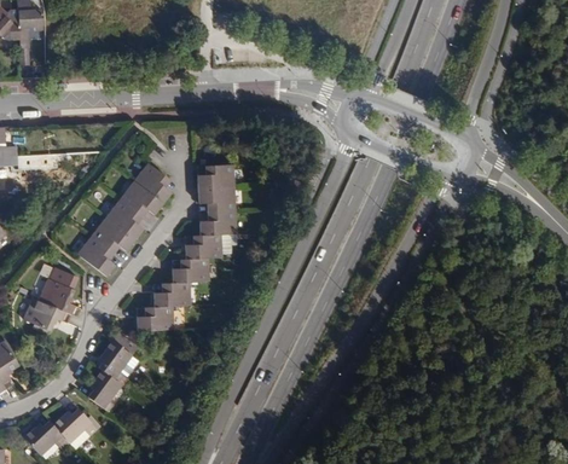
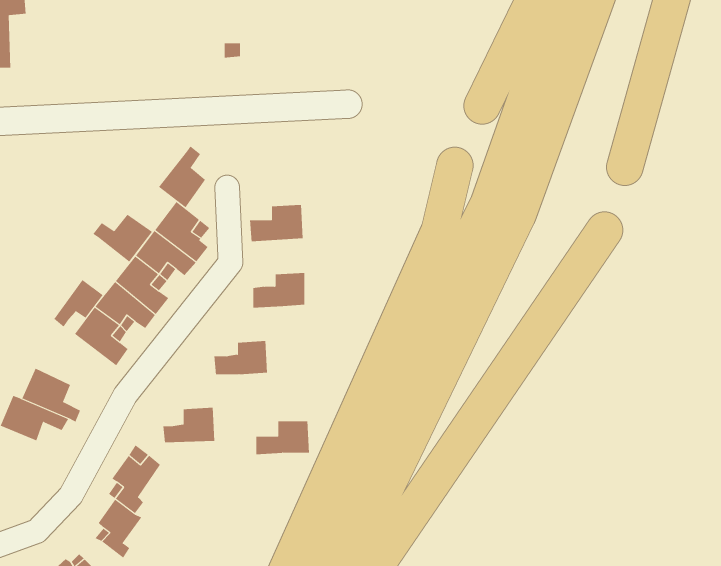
building: none -> [158,145,206,208]
building: none -> [93,214,153,263]
building: [199,185,238,210] -> none
building: none -> [53,279,103,328]
building: [185,233,224,259] -> none
building: [153,282,192,306] -> [256,421,310,455]

